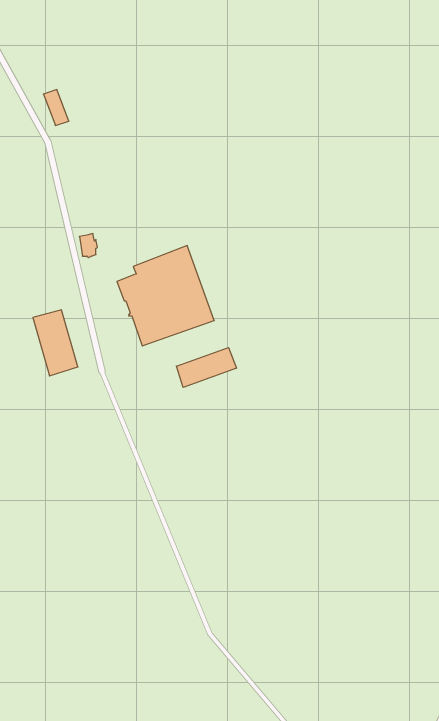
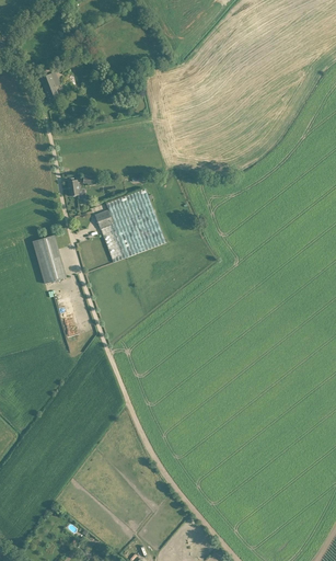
building: [176,348,236,387] -> none

